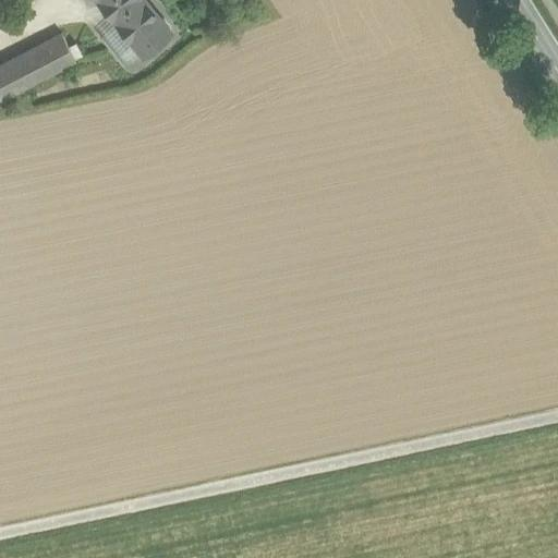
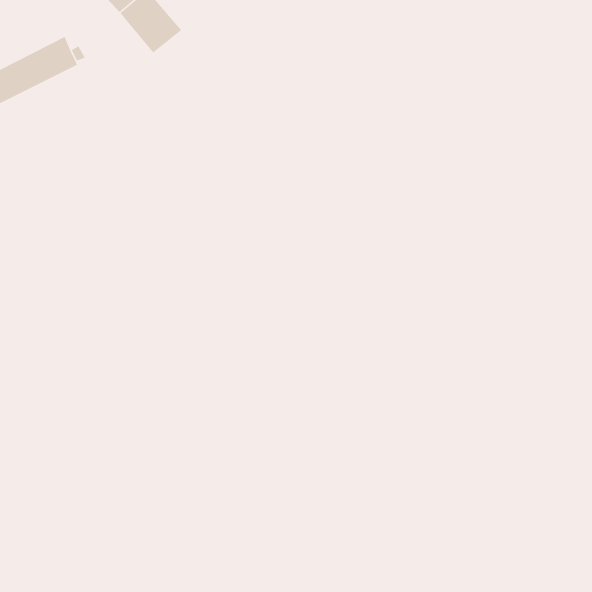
building: [99,23,144,68] -> none

